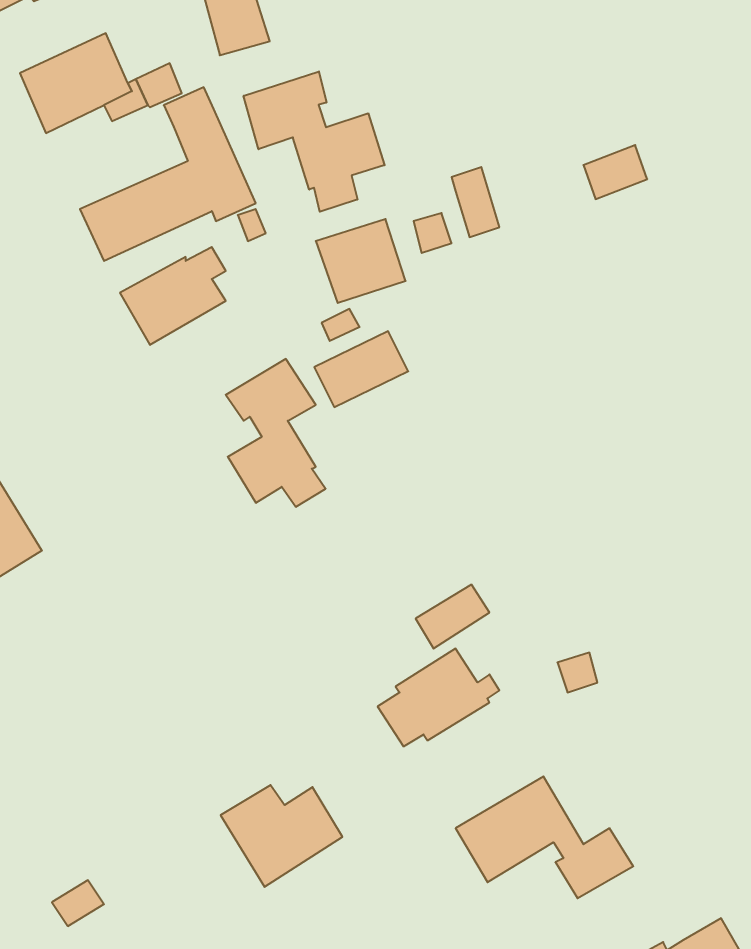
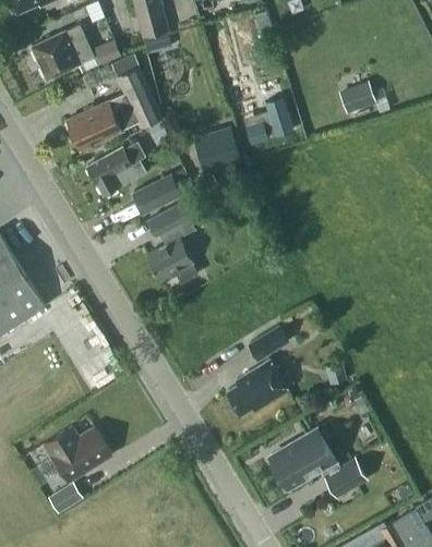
building: [244,71,385,212] -> none
building: [314,331,408,407] -> [131,173,182,215]
building: [221,785,342,887] -> [43,426,109,482]

